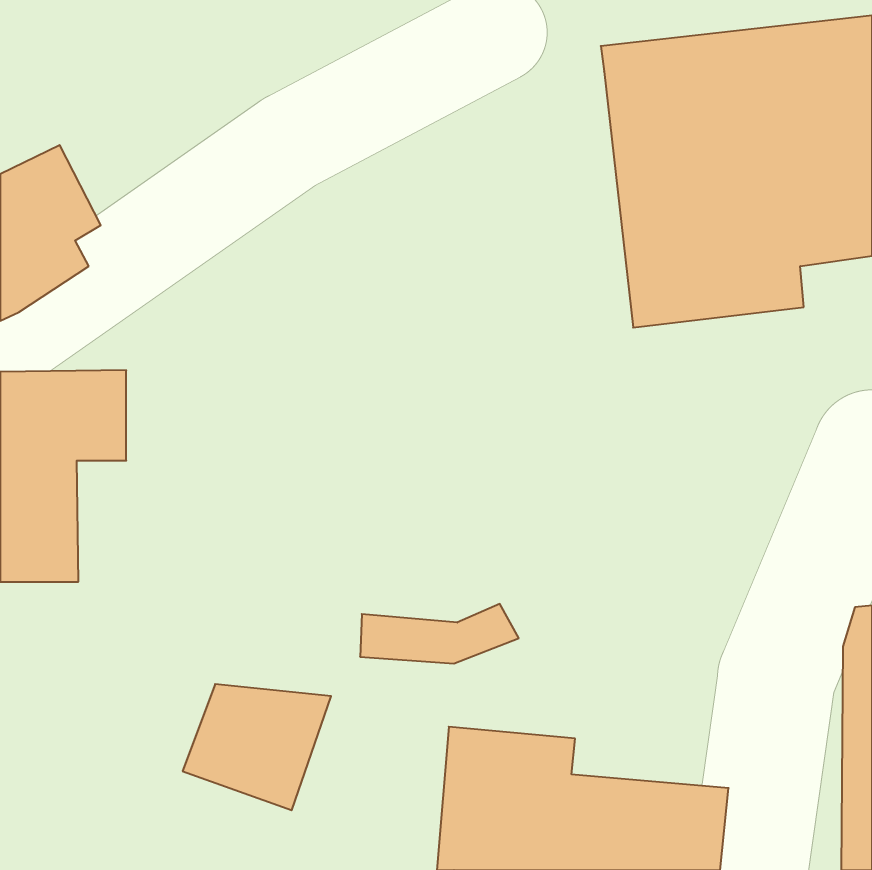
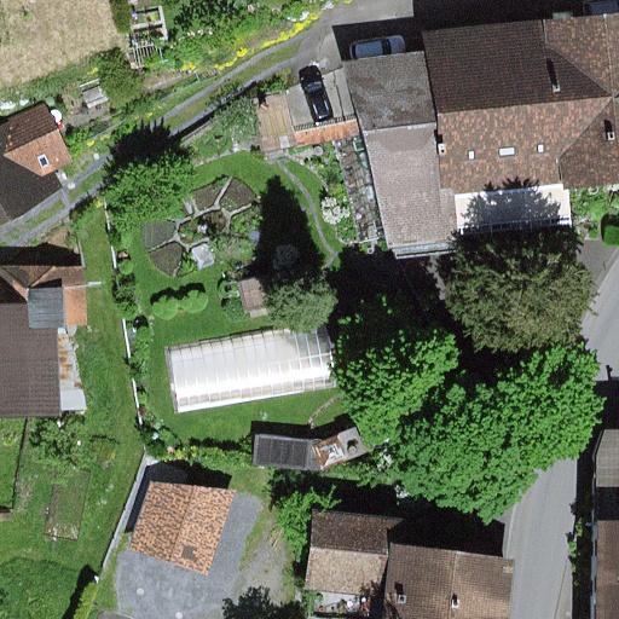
building: none -> [341,51,449,247]

